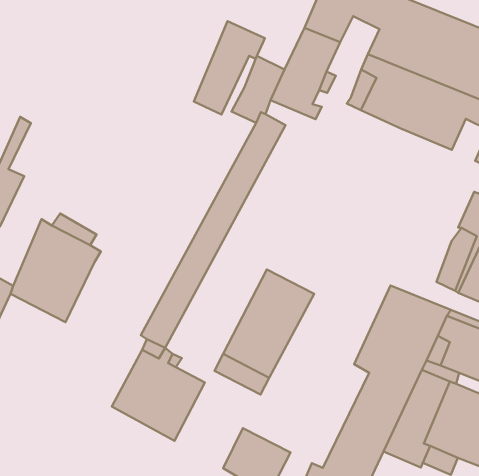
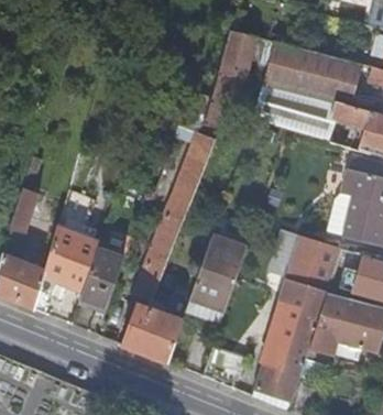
building: [194,21,265,115] -> none
building: none -> [80,248,123,306]

